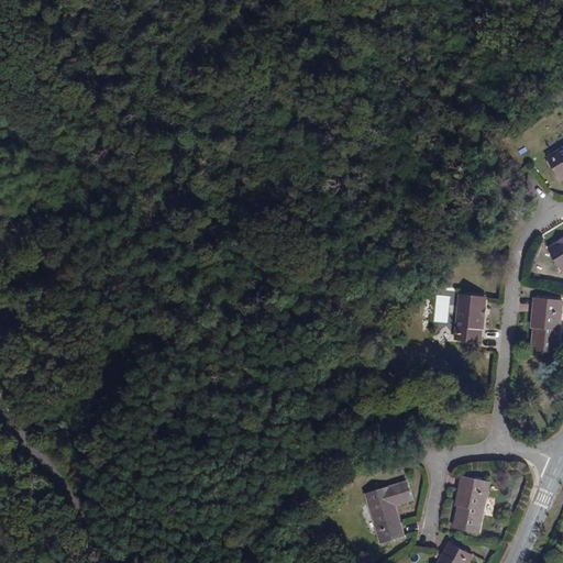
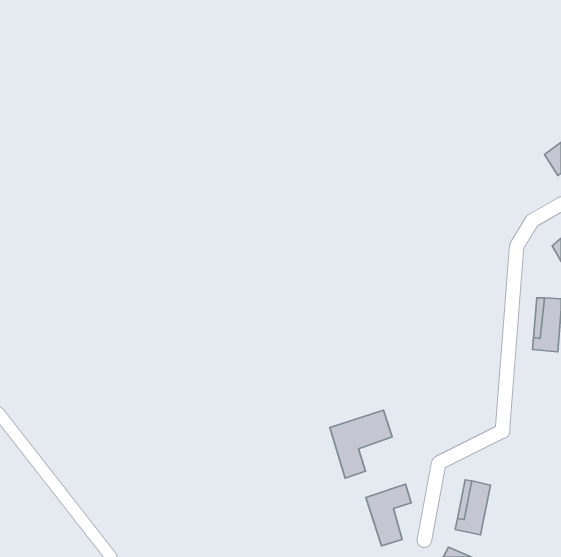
building: [453,292,483,339] -> none
building: none -> [330,410,392,478]

